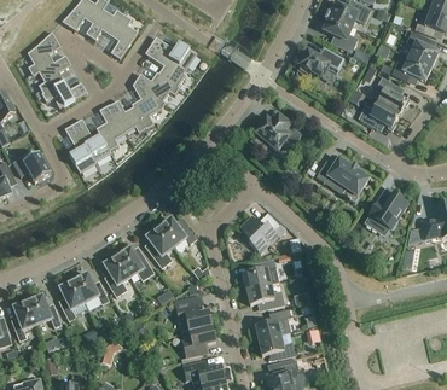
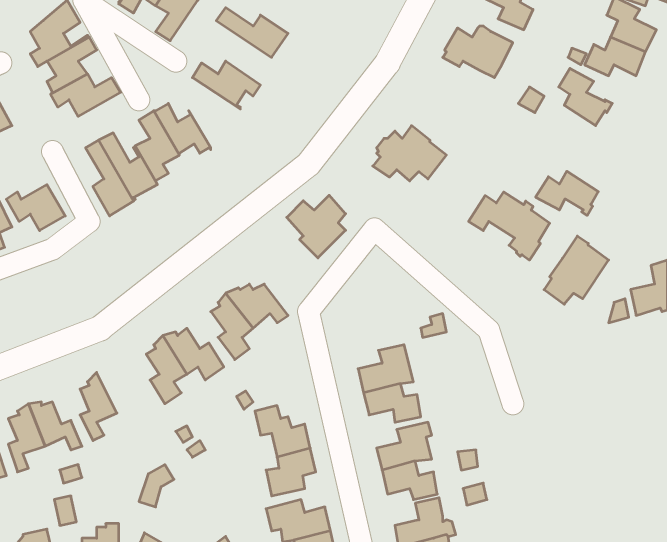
building: [145,45,186,87] -> none
building: [132,82,166,128] -> none
building: [358,100,399,129] -> [536,171,598,215]
building: [240,211,279,252] -> [287,195,346,258]
building: [71,273,109,303] -> none

